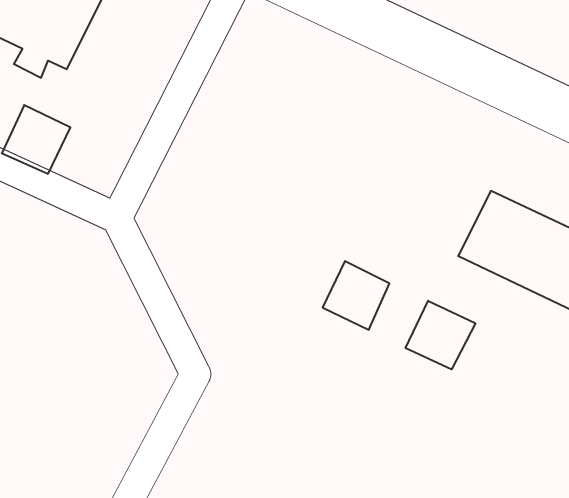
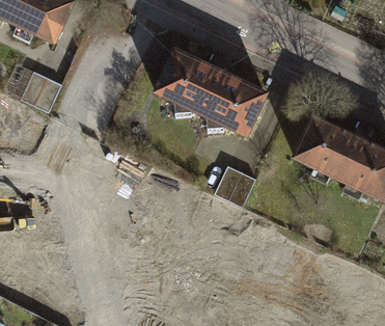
building: none -> [156,52,260,133]
building: [406,301,475,369] -> none

